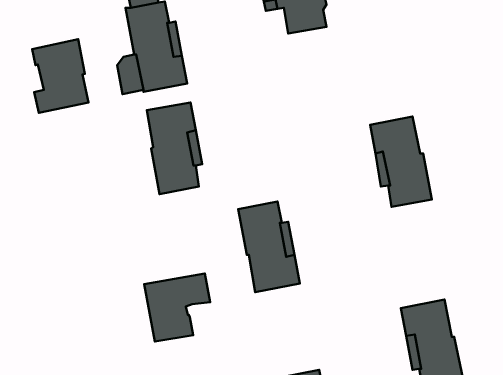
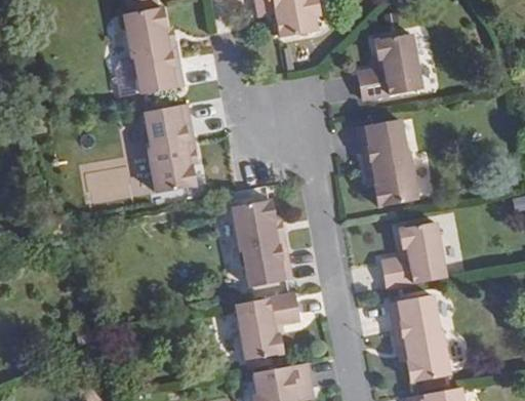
building: none -> [357,33,420,99]
building: [32,39,89,113] -> none
building: none -> [381,222,445,288]
building: [144,273,210,342] -> [235,293,298,359]

